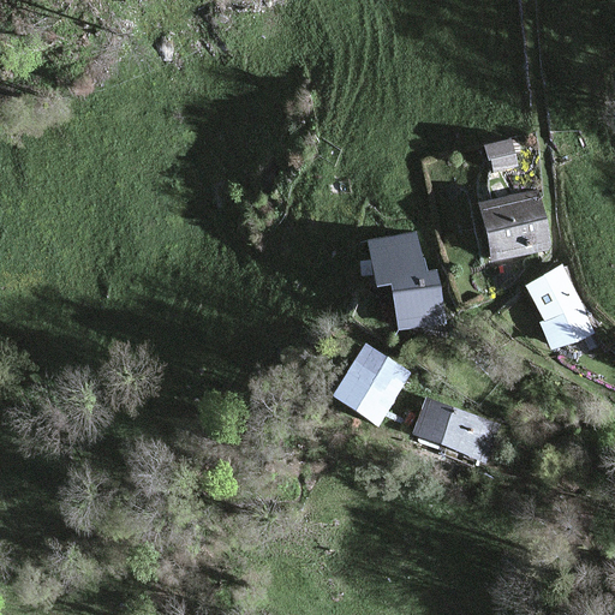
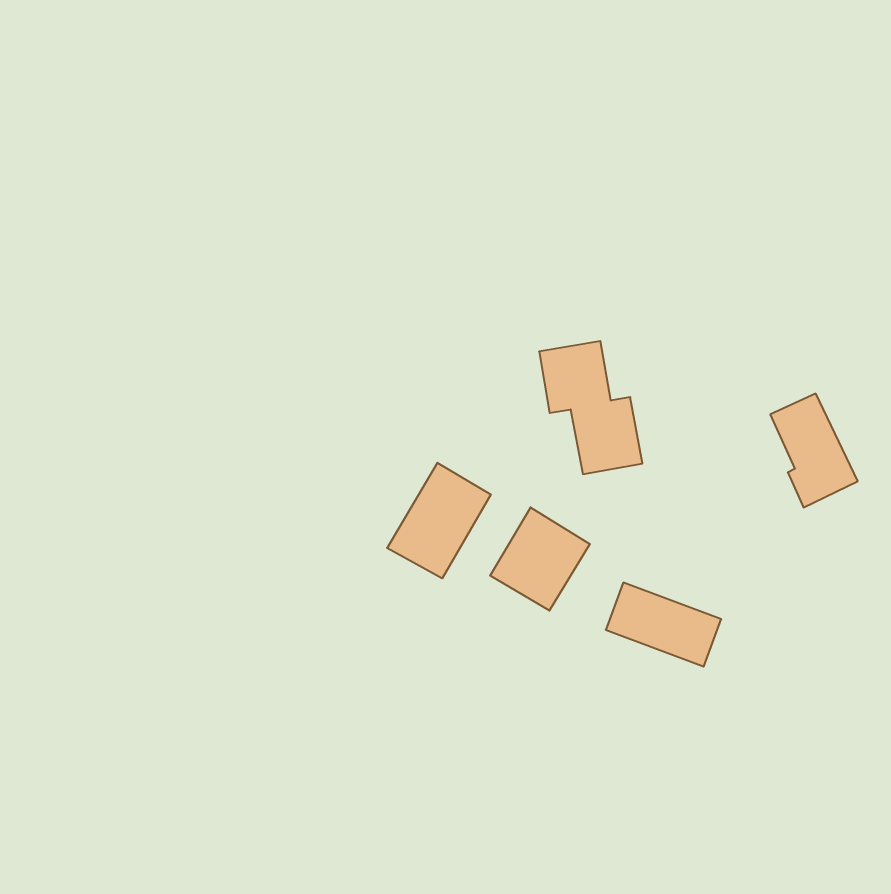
building: [483,193,547,256] -> none
building: none -> [387,463,491,578]

